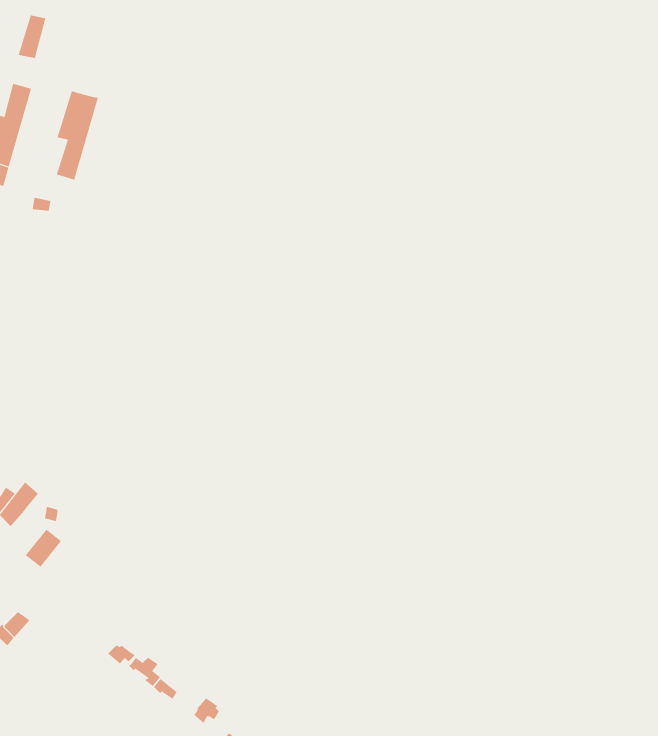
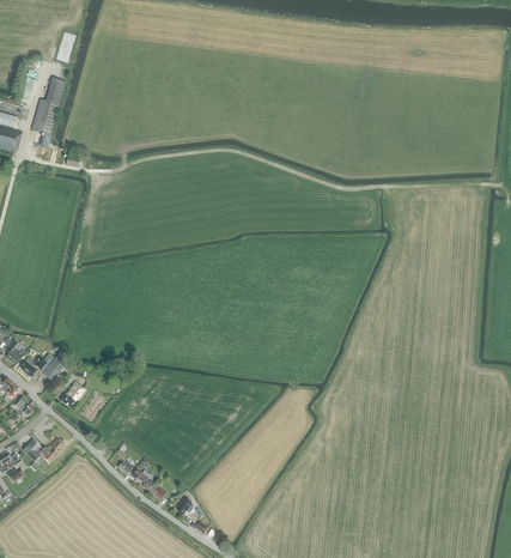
building: [56,90,98,180] -> none

